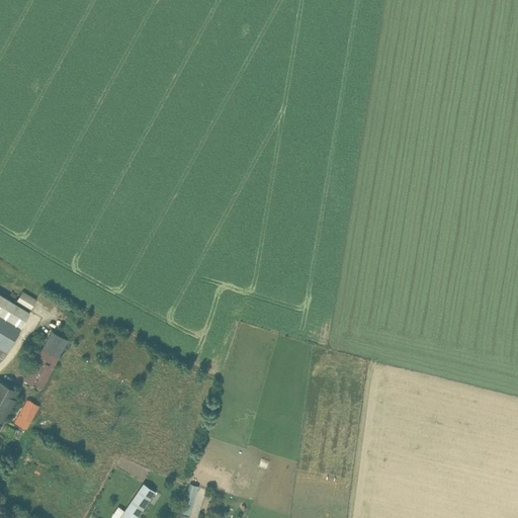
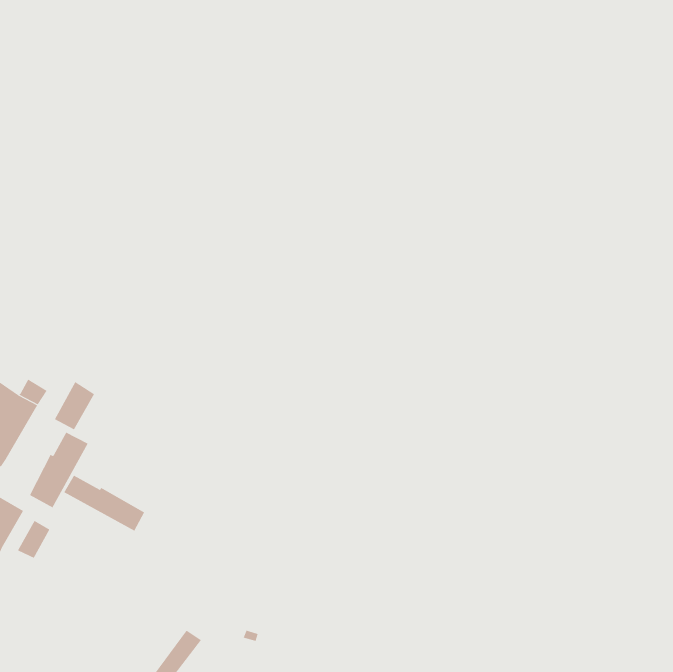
building: none -> [54,381,95,430]
building: none -> [64,475,145,531]

